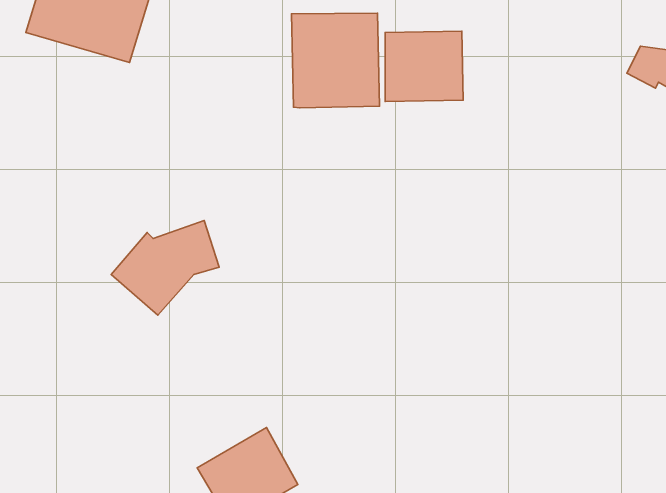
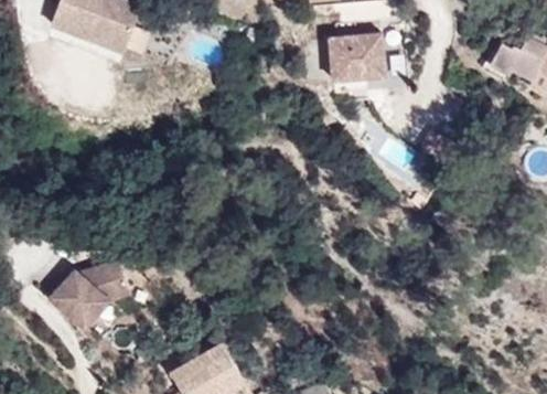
building: [291,13,380,108] -> none
building: [111,220,219,315] -> [55,251,135,320]

